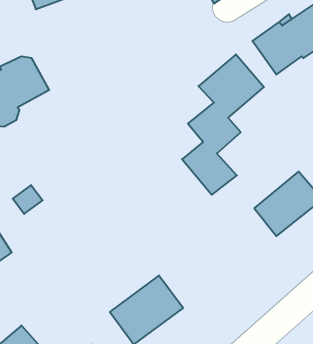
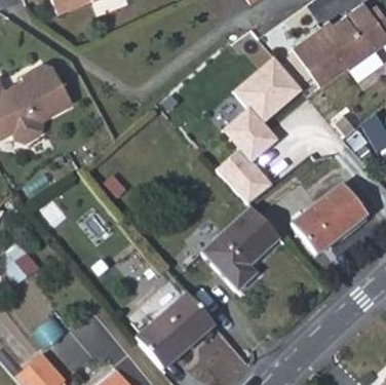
building: none -> [209,209,284,292]

